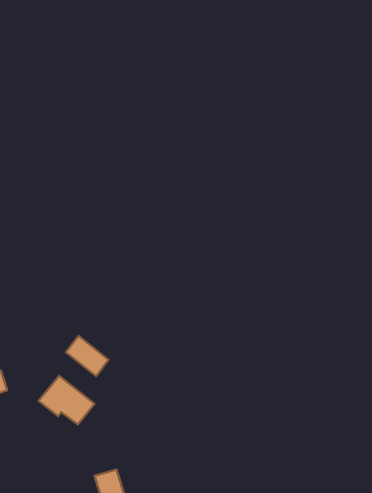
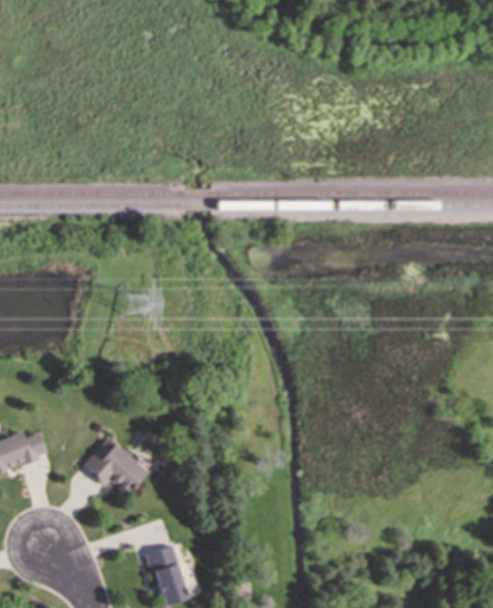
building: [66,336,109,376] -> none

